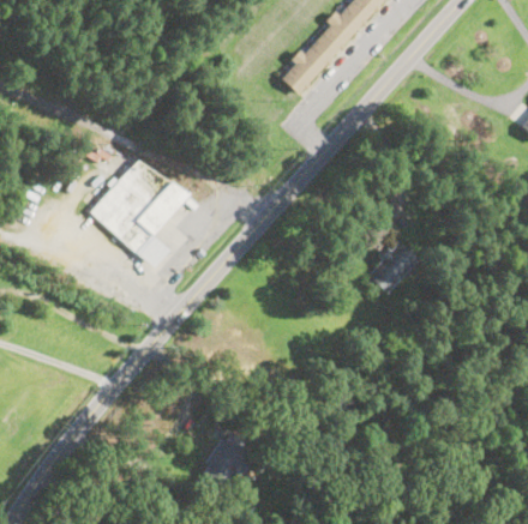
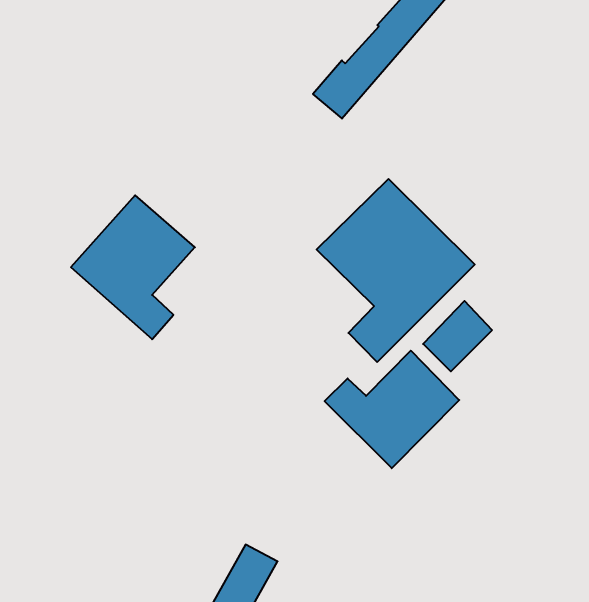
building: none -> [317,179,475,362]
building: none -> [325,351,459,468]

